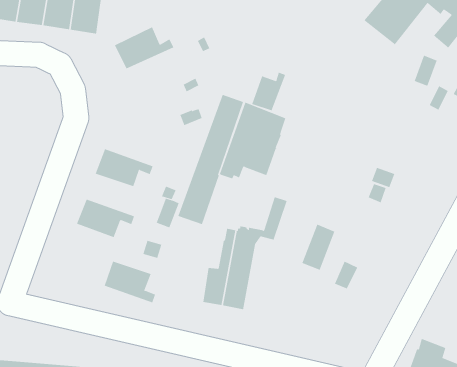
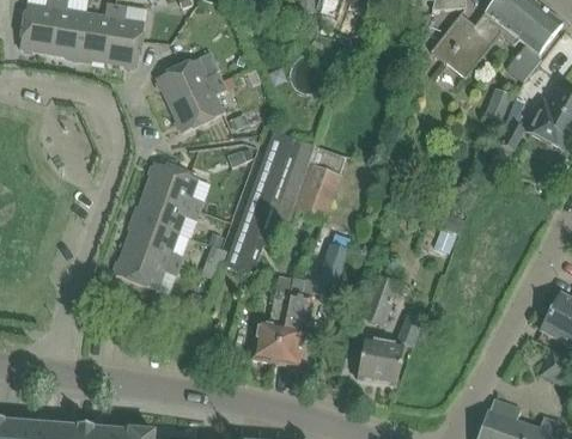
building: none -> [169,79,225,130]
building: [251,72,286,111] -> none
building: none -> [145,161,202,209]
building: [104,261,156,303] -> [124,218,182,264]
building: none -> [357,340,402,384]

